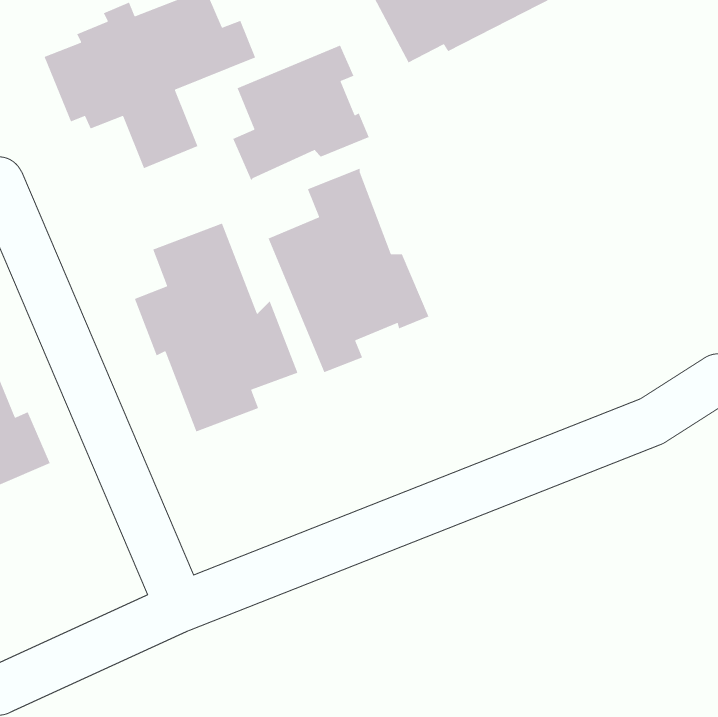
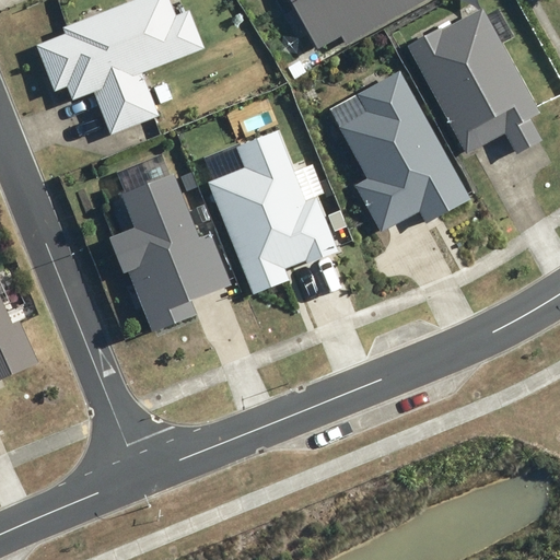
building: none -> [415,15,547,174]
building: [232,45,370,181] -> none
building: none -> [332,66,474,236]

